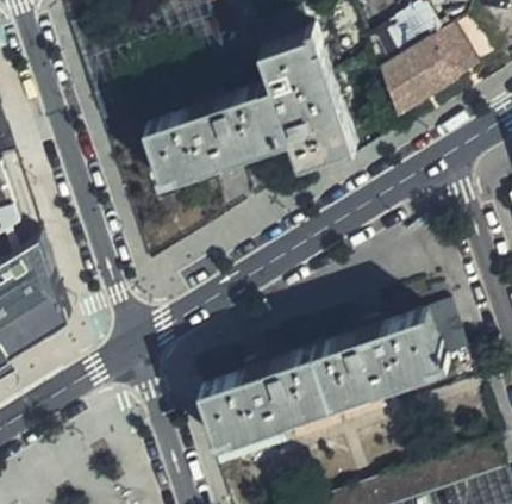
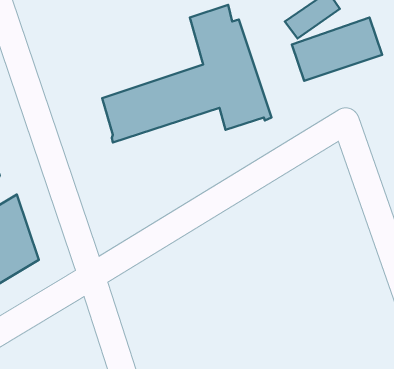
building: [202,305,467,443] -> none

